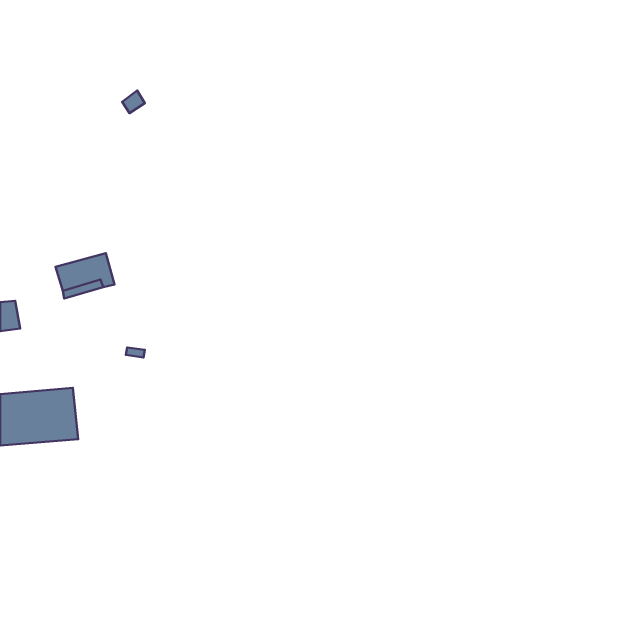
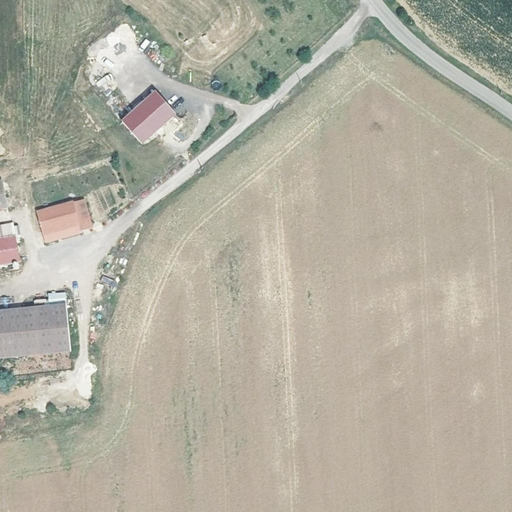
building: none -> [121,89,176,143]

